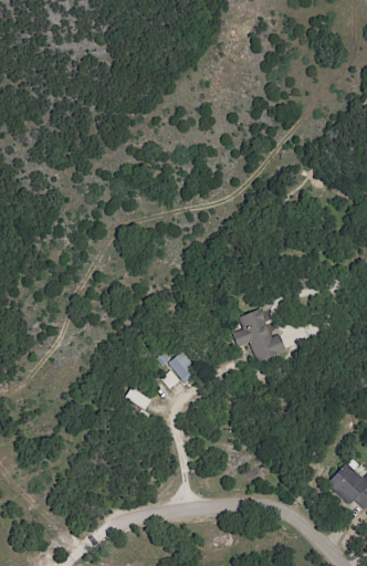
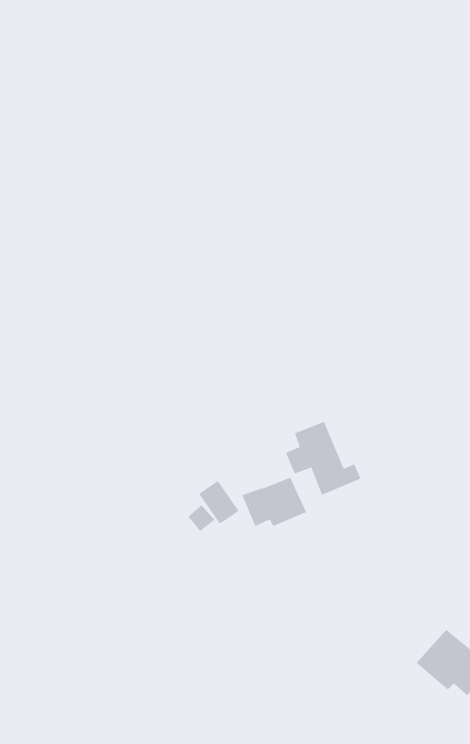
building: none -> [242,477,307,527]

